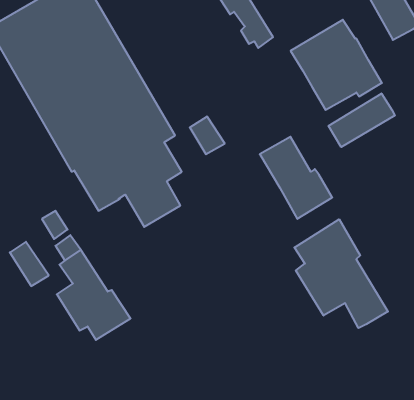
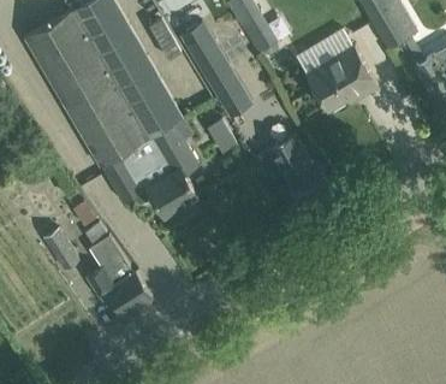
building: none -> [180,20,252,116]
building: [329,93,395,147] -> none
building: [294,219,388,328] -> none

